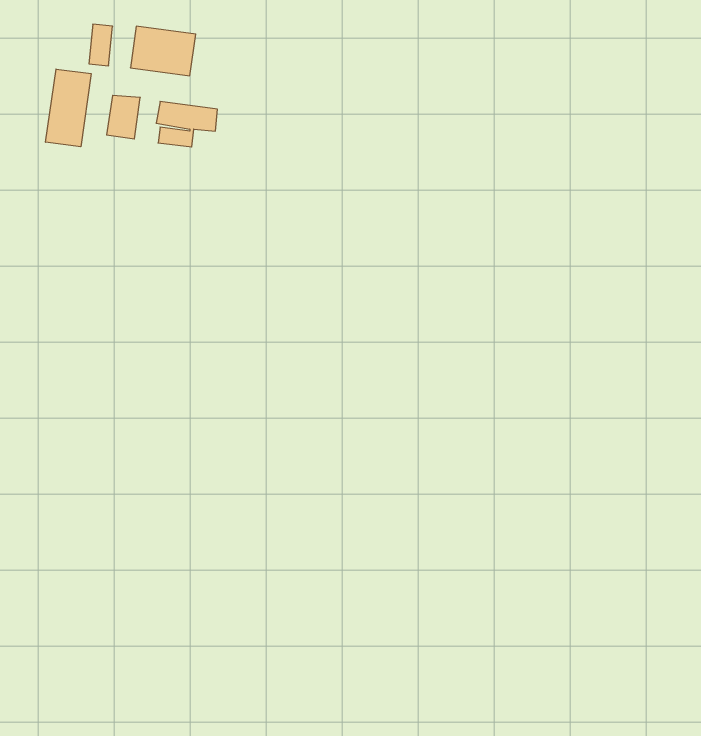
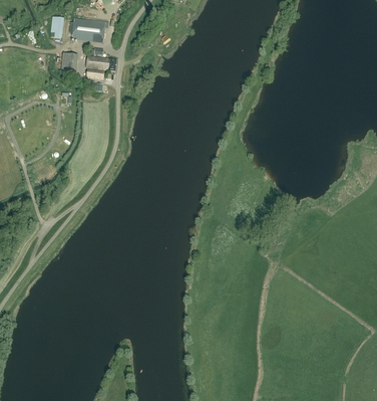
building: [46,69,91,147] -> none

